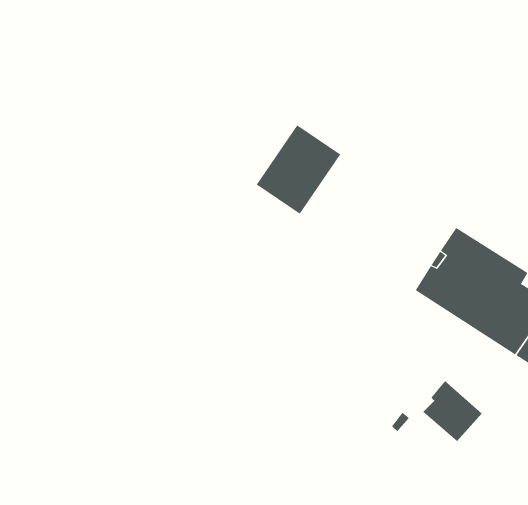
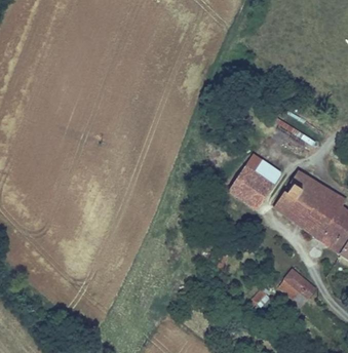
building: [256,125,341,215] -> [227,153,282,211]

